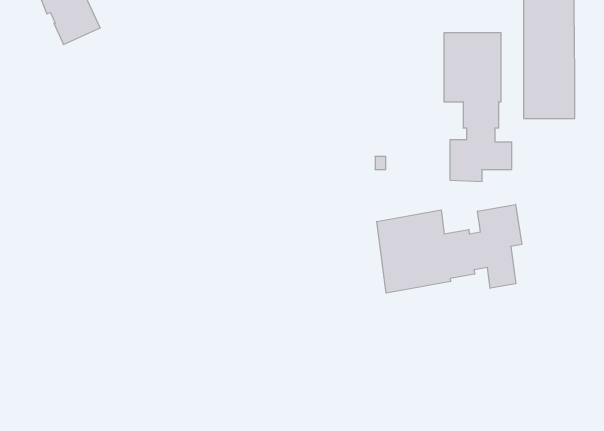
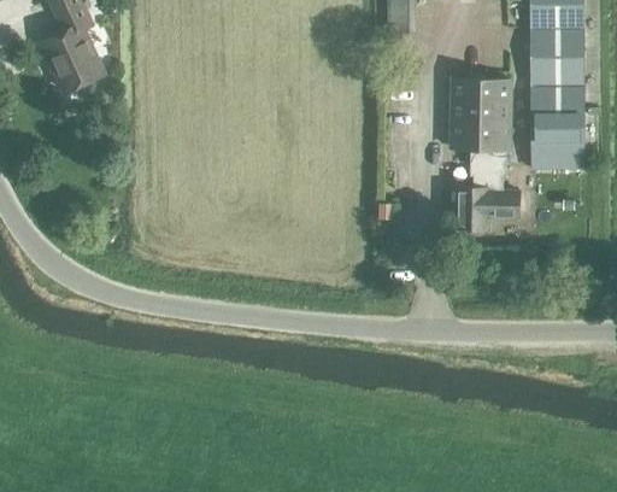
building: [377,204,522,293] -> none

